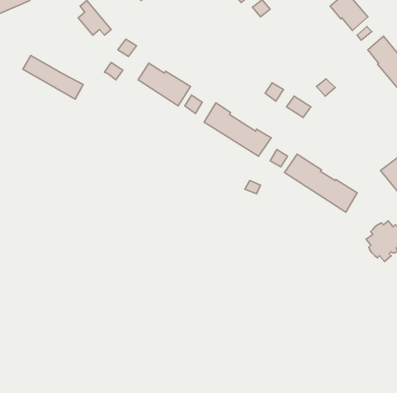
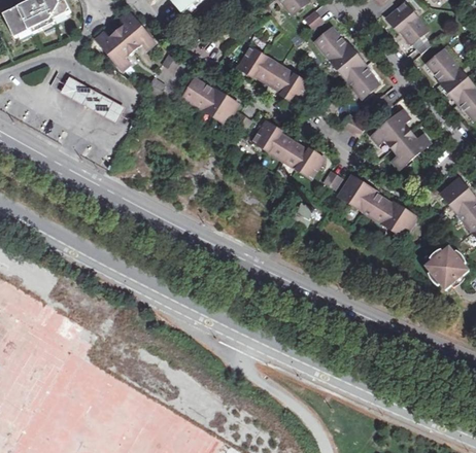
building: none -> [314,27,378,98]
building: none -> [96,30,134,69]
building: none -> [237,46,308,103]
building: none -> [371,109,429,168]

